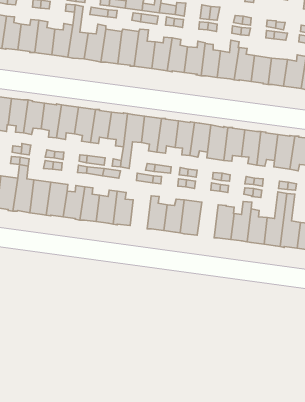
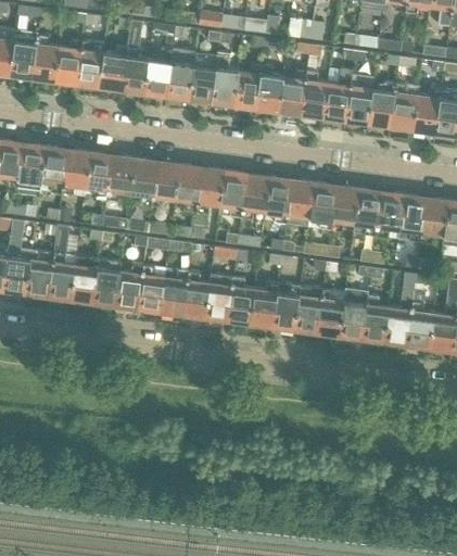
building: none -> [204,274,232,321]
building: none -> [294,286,322,333]

